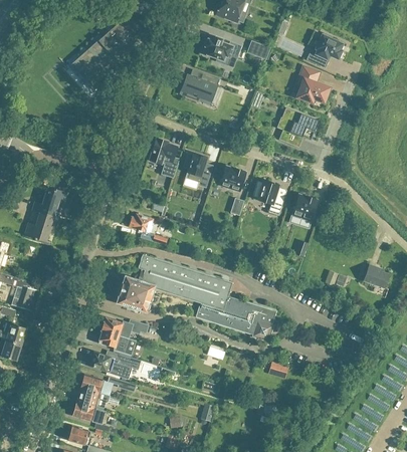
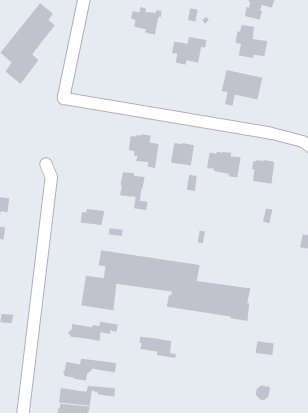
building: [183,71,218,97] -> [171,37,207,65]
building: [149,138,176,177] -> [119,172,149,211]
building: [97,328,131,355] -> [139,336,176,358]

